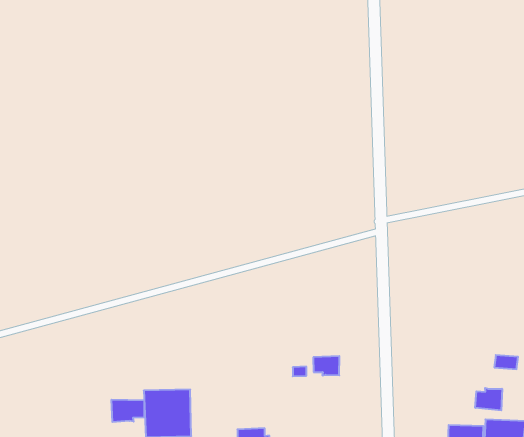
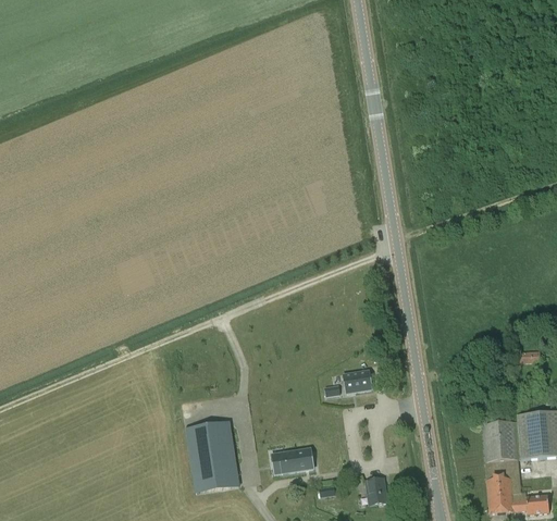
building: [475,388,502,410] -> none
building: [112,400,144,422] -> none

